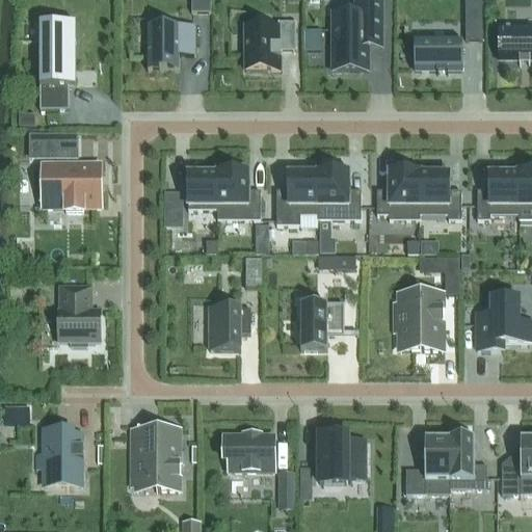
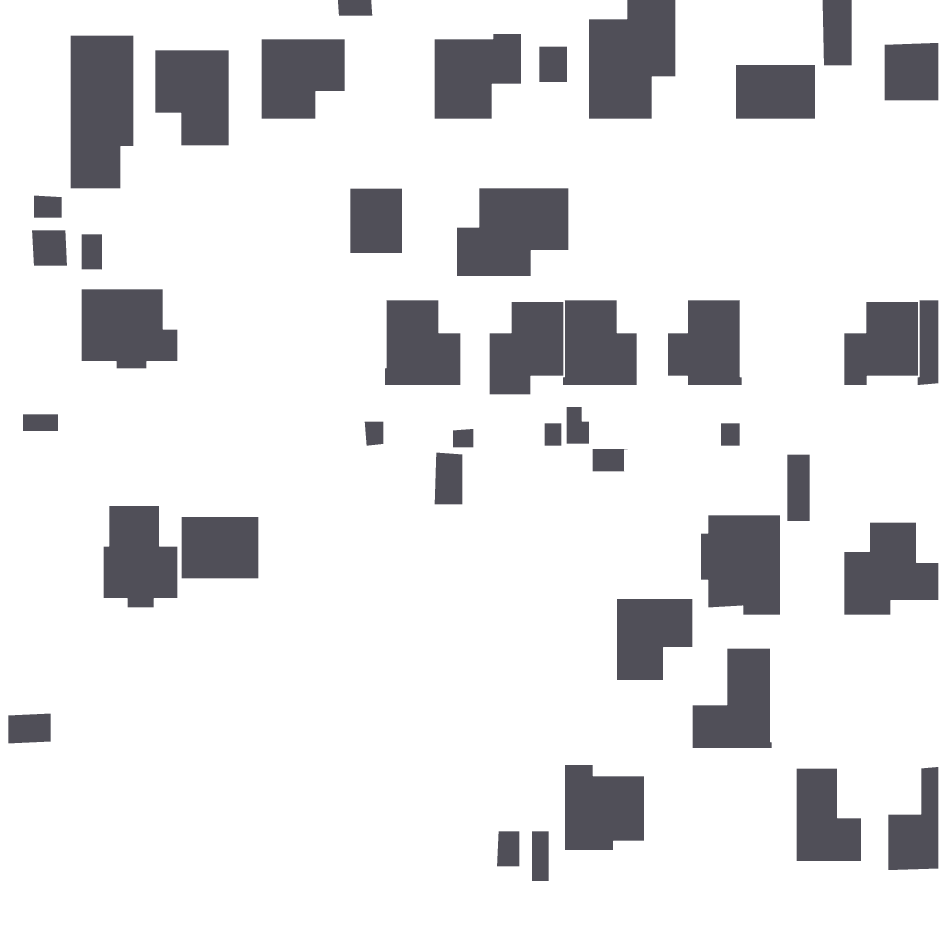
building: none -> [154,50,230,146]
building: none -> [456,187,569,277]
building: [188,170,218,208] -> [350,188,403,254]
building: [419,170,461,218] -> none
building: [165,190,182,223] -> none
building: none -> [181,516,259,579]
building: [300,301,344,348] -> [616,598,693,681]
building: [210,305,250,348] -> none
building: [44,427,84,476] -> none
building: [133,428,179,488] -> none
building: [224,431,273,469] -> none
building: [405,434,451,491] -> [692,648,773,749]

